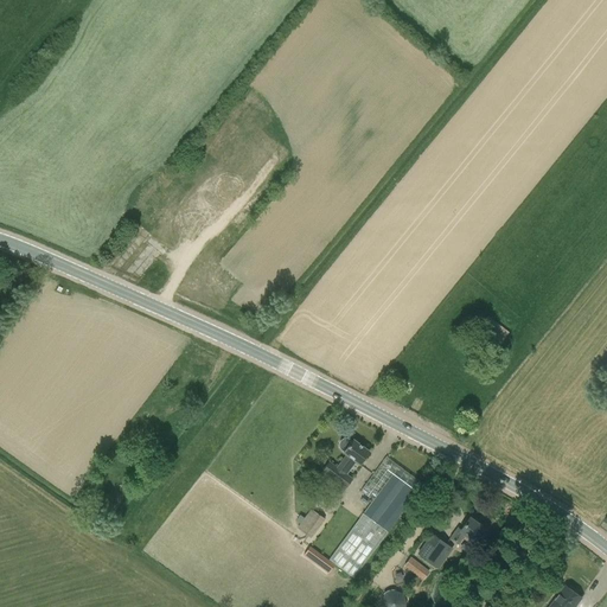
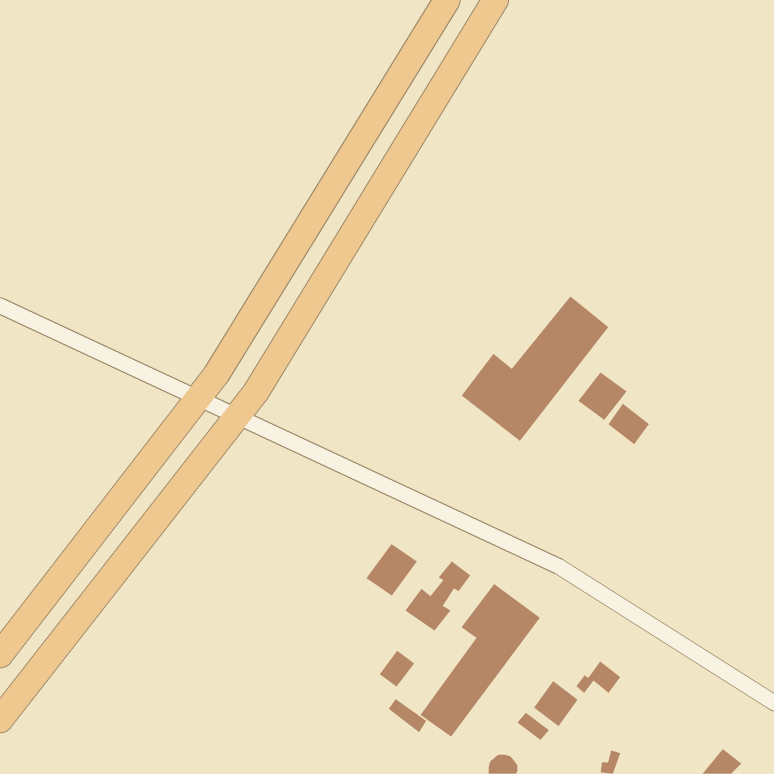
building: none -> [461,295,609,442]
building: none -> [577,371,627,421]
building: none -> [366,543,418,596]

